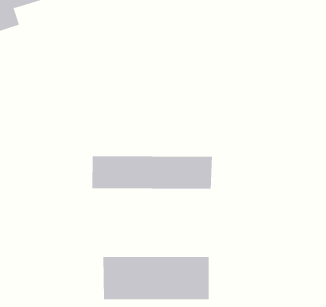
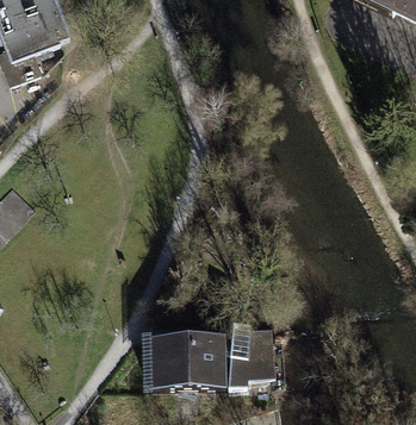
building: [92,155,213,189] -> none

